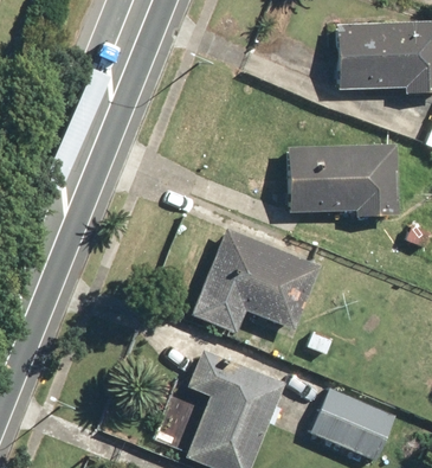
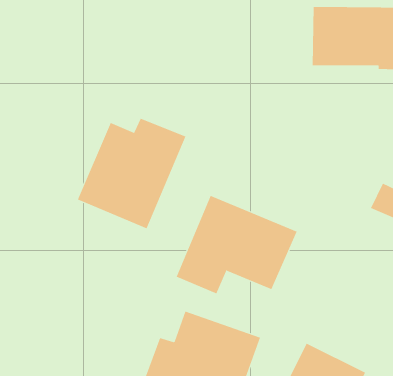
building: none -> [77,118,186,229]
building: [290,145,395,218] -> none

